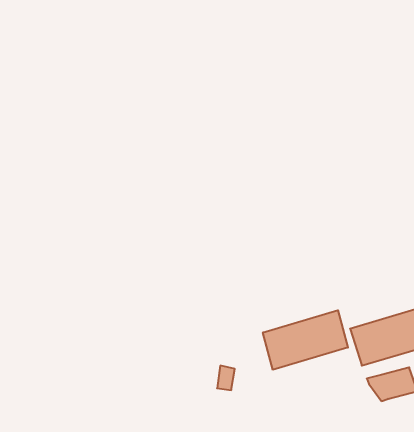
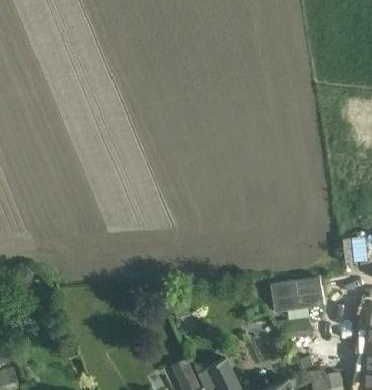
building: [263,310,348,370] -> none

